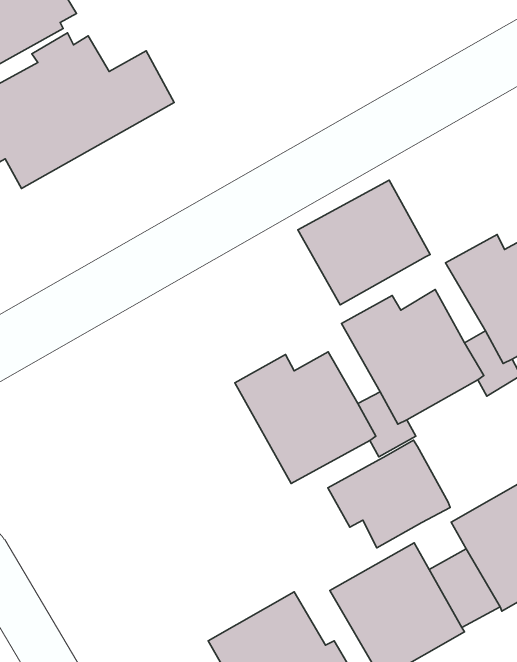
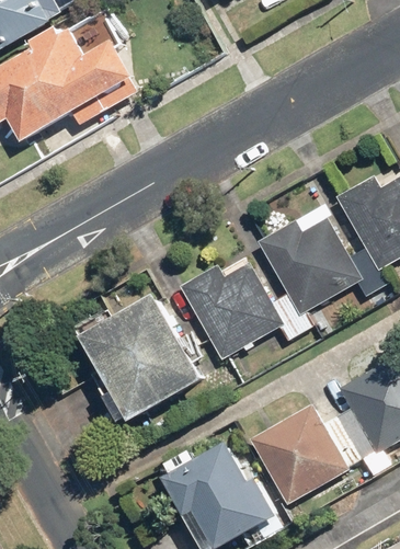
building: [298,180,430,305] -> none
building: none -> [82,295,204,422]
building: [328,440,450,548] -> none

